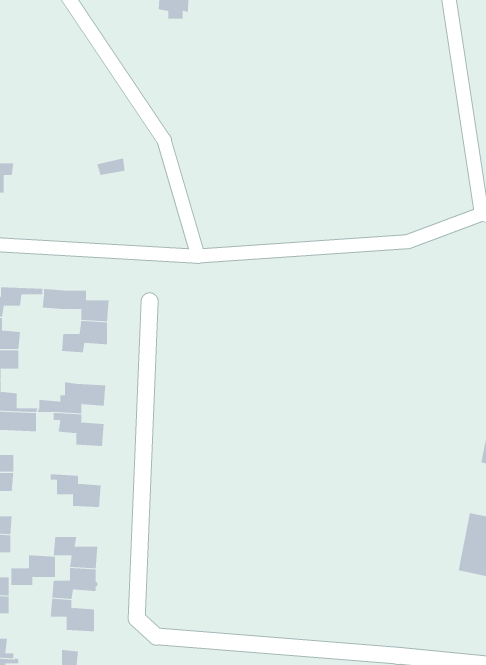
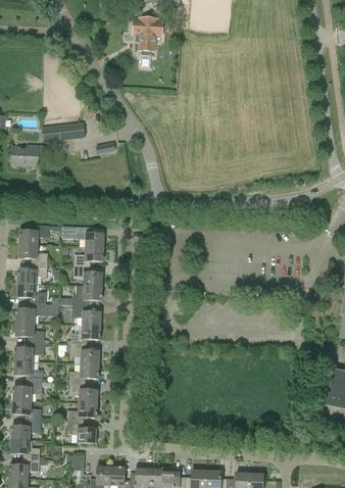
building: none -> [42,123,85,142]
building: none -> [73,265,102,287]
building: none -> [66,325,100,344]
building: [11,555,56,586] -> [69,363,98,383]

